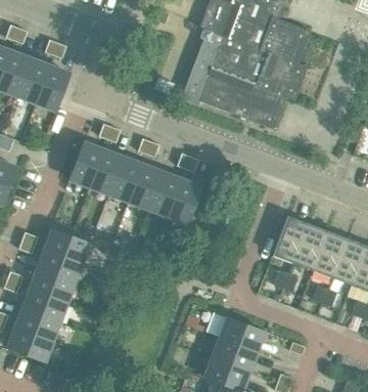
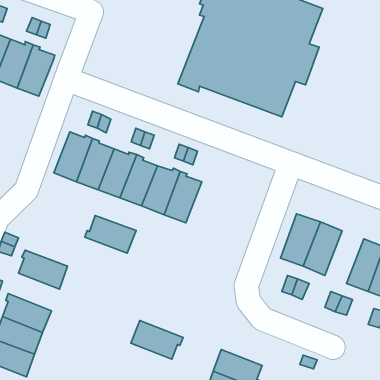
building: [43,228,89,262] -> [85,216,136,253]
building: [312,230,347,277] -> none
building: [28,268,74,302] -> none
building: [219,316,266,351] -> [131,320,183,359]

